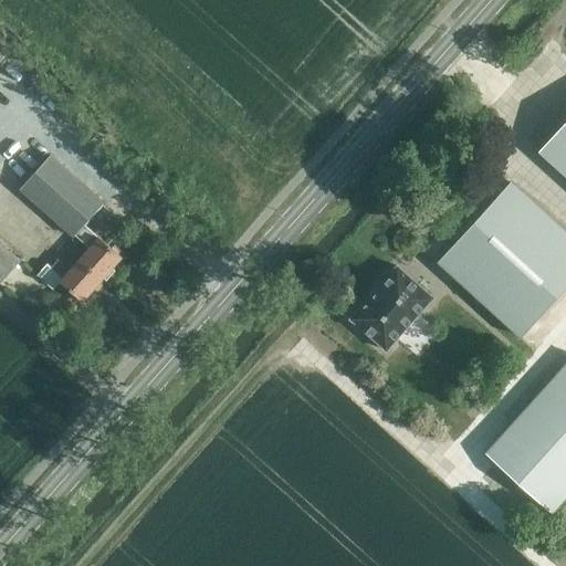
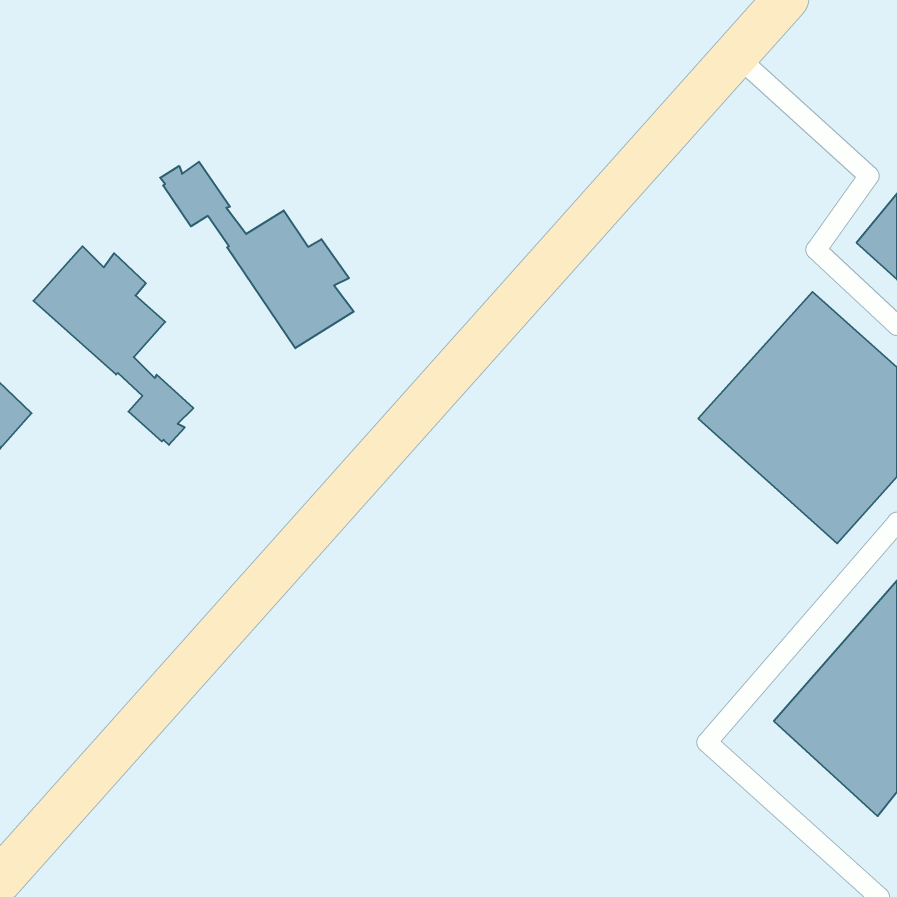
building: none -> [160,162,354,348]
building: [52,256,102,301] -> none
building: [349,265,431,348] -> none

